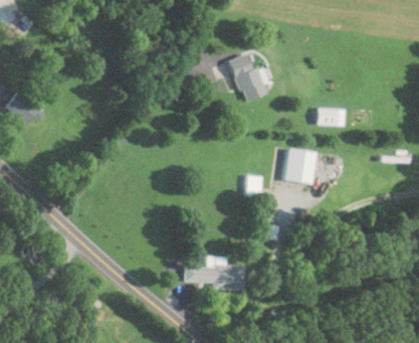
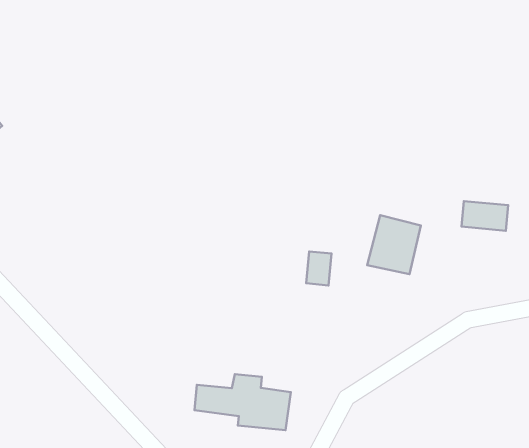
building: [216,56,265,100] -> none
building: [319,109,347,125] -> [461,201,508,231]

